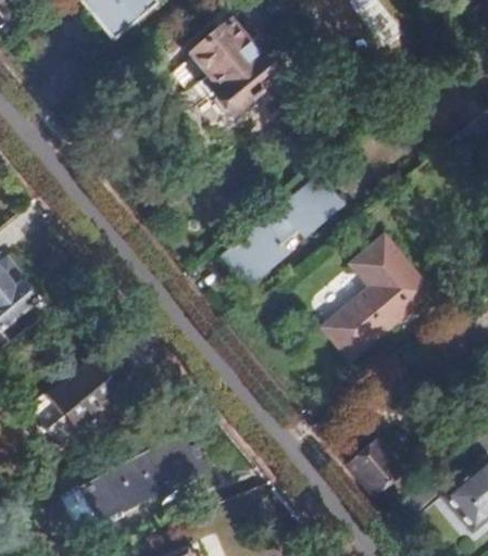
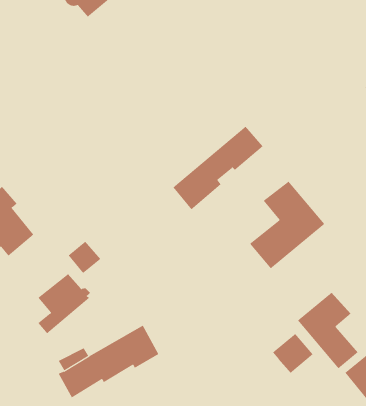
building: [189,21,271,108] -> none
building: none -> [68,241,101,274]
building: none -> [297,292,359,369]

